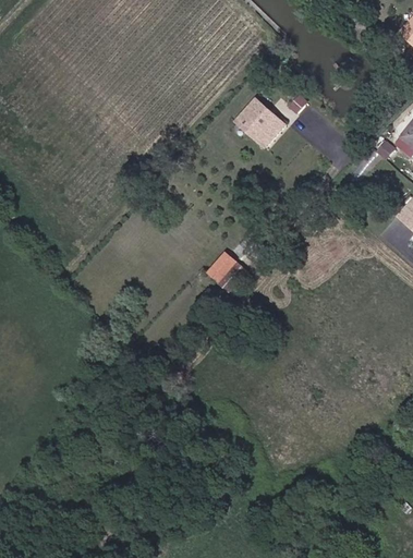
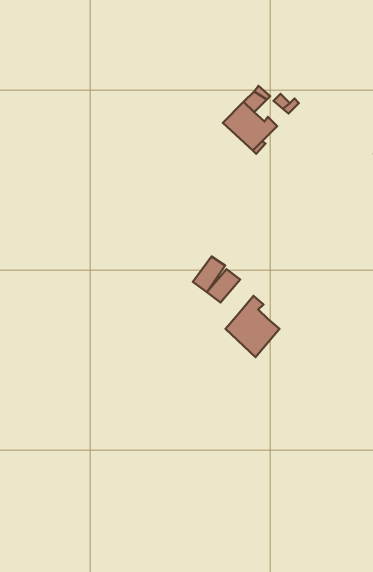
building: none -> [225,296,280,357]

